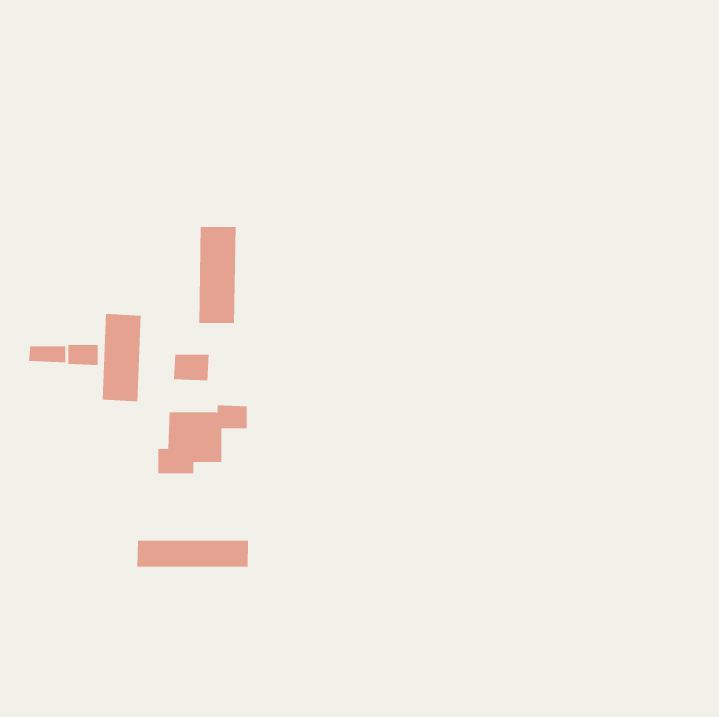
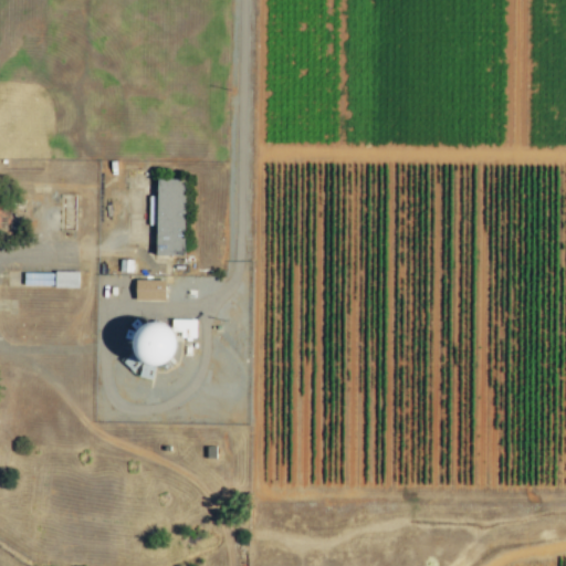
building: [102,313,141,402] -> none
building: [137,540,249,568] -> none

